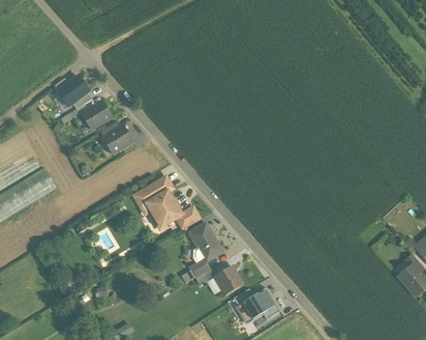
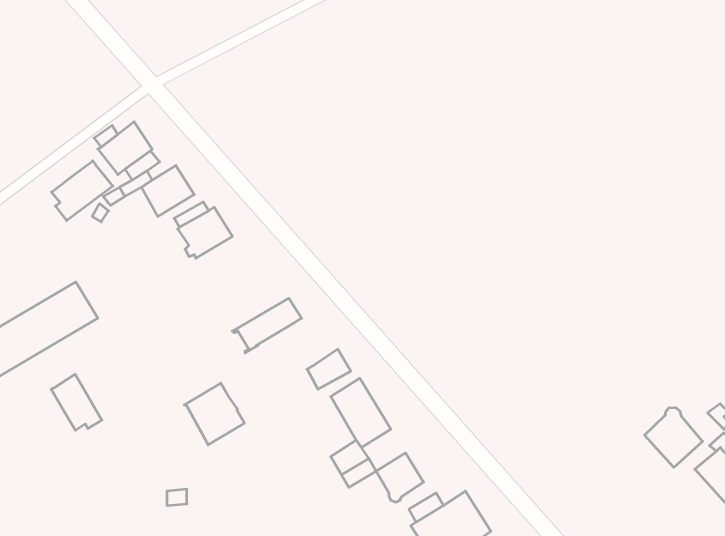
building: none -> [51,161,113,221]
building: [147,192,181,227] -> [184,383,244,445]
building: none -> [51,374,102,430]
building: none -> [645,408,703,467]

